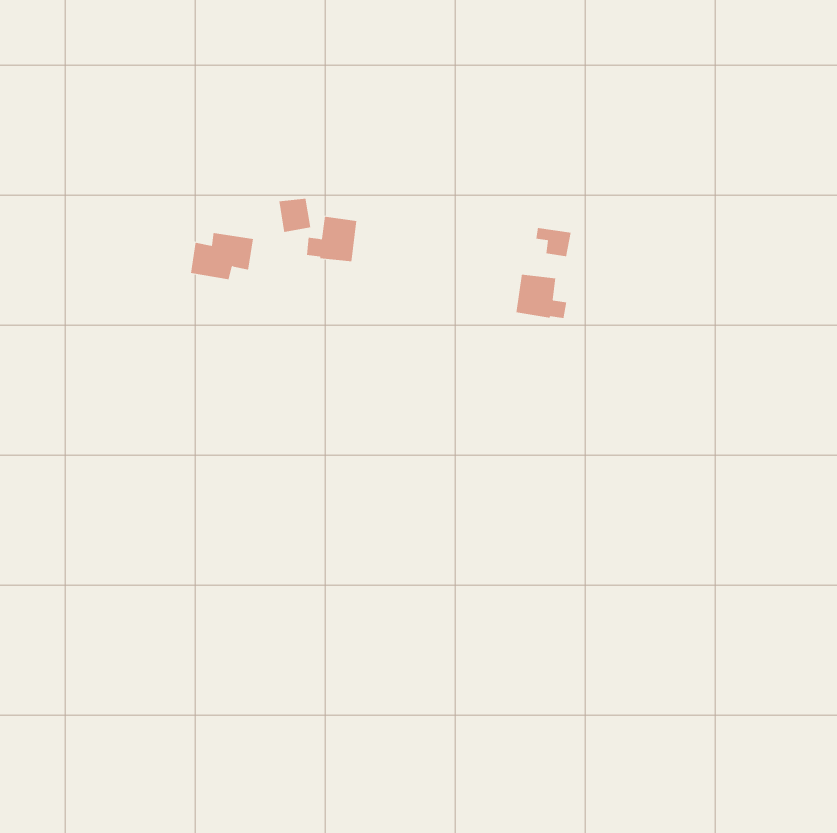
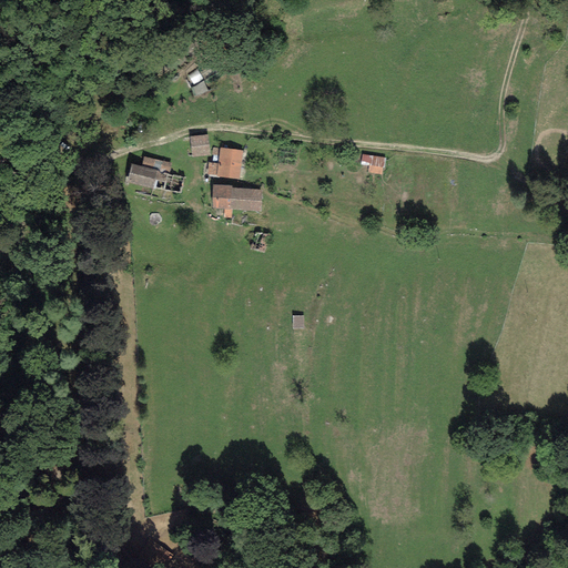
building: none -> [212,184,263,211]
building: [516,274,567,319] -> none

